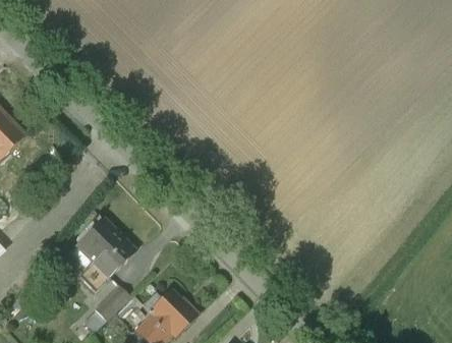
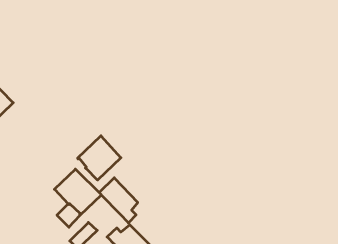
building: none -> [78,136,121,180]
building: none -> [100,178,138,223]

